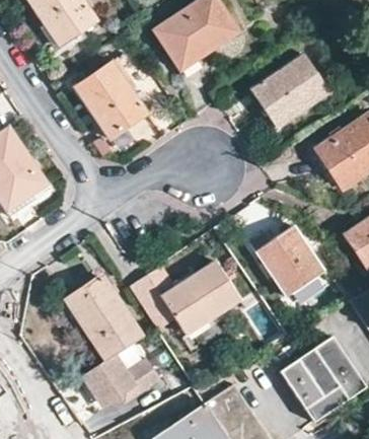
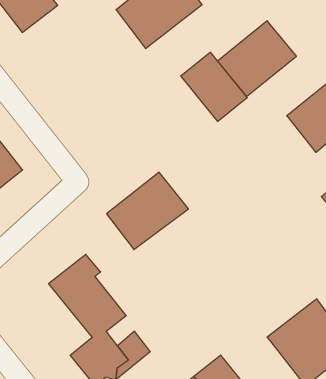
building: [73,61,147,140] -> none
building: none -> [181,52,247,121]
building: [254,226,323,296] -> none
building: [158,261,240,336] -> [107,172,188,250]

